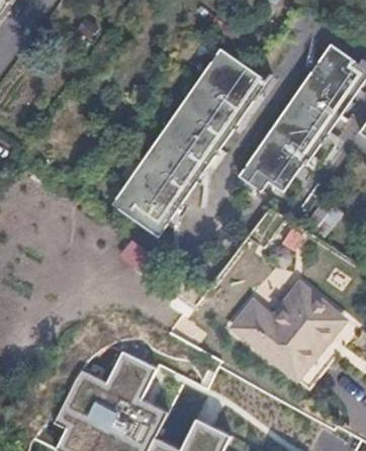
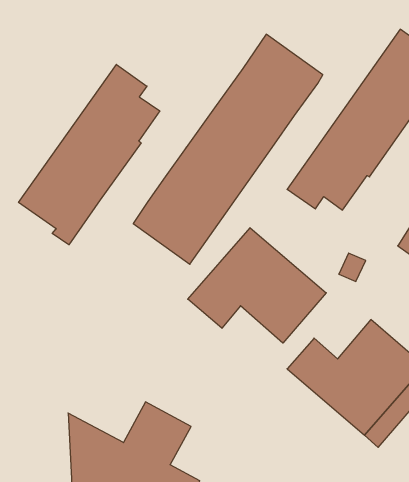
building: none -> [19,64,160,245]
building: none -> [188,228,326,343]

